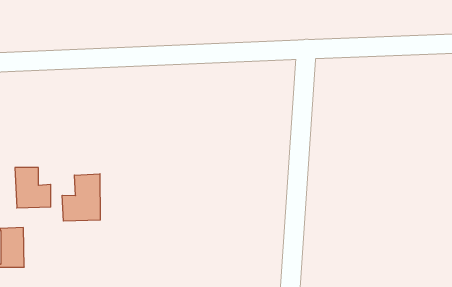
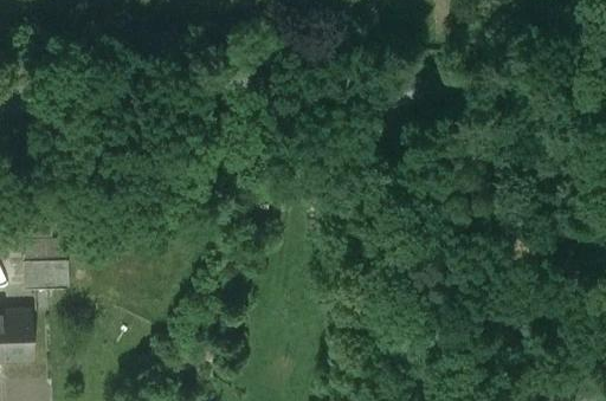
building: [62,174,100,221] -> none

